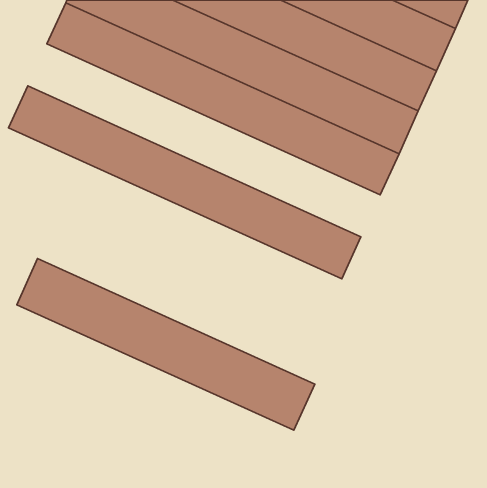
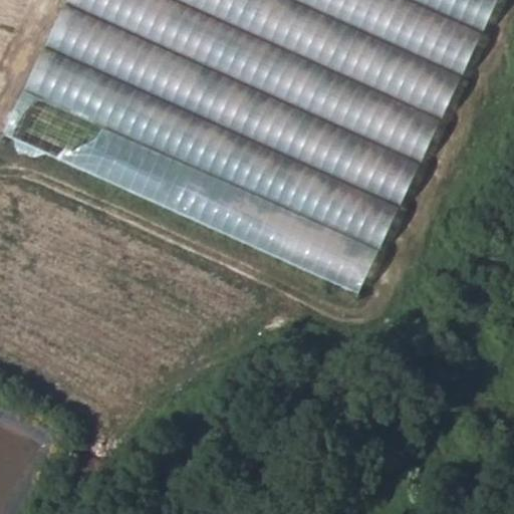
building: none -> [29,46,400,249]
building: [17,259,315,430] -> none

